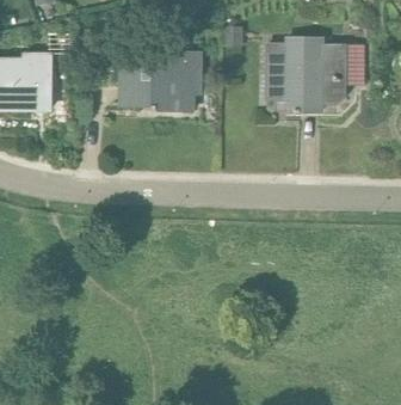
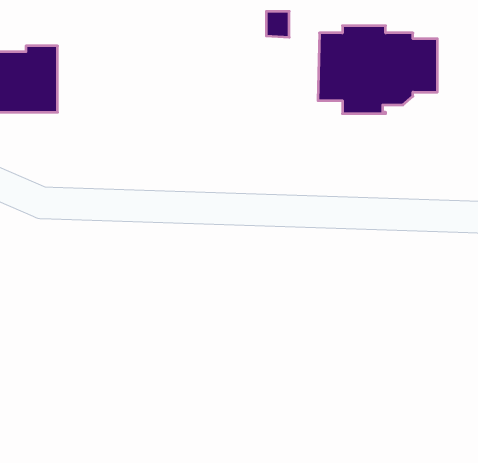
building: [121,50,199,109] -> none

